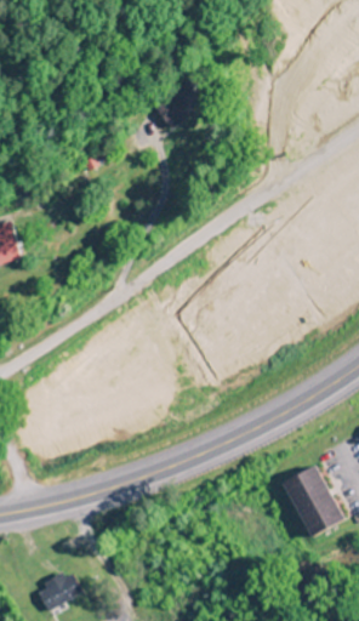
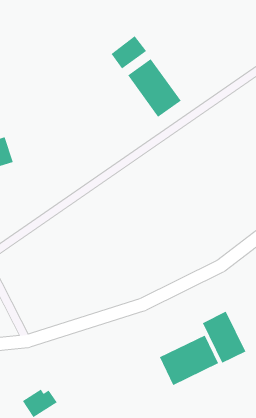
building: none -> [127,58,182,118]
building: none -> [159,334,219,386]

